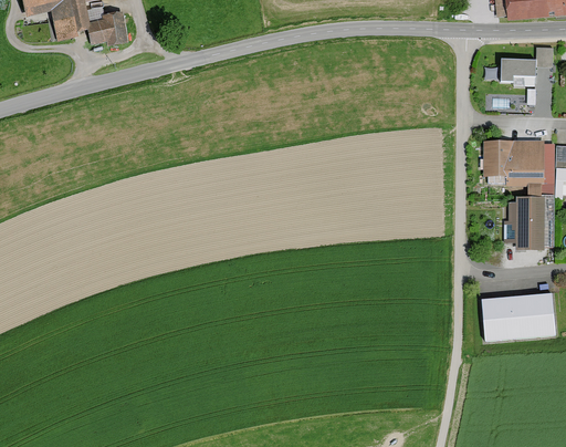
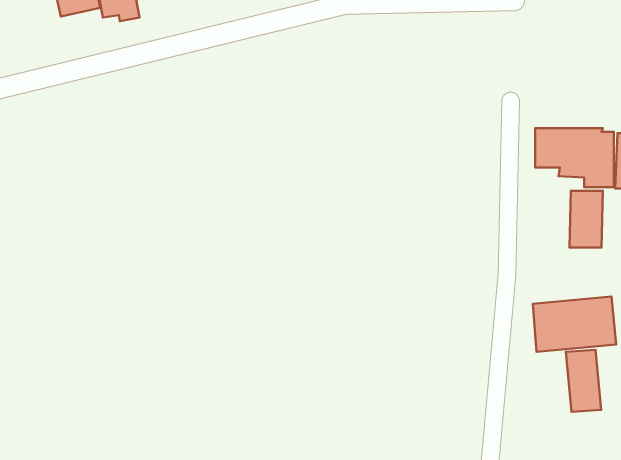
building: [501,46,554,80] -> none
building: none -> [566,350,601,412]

